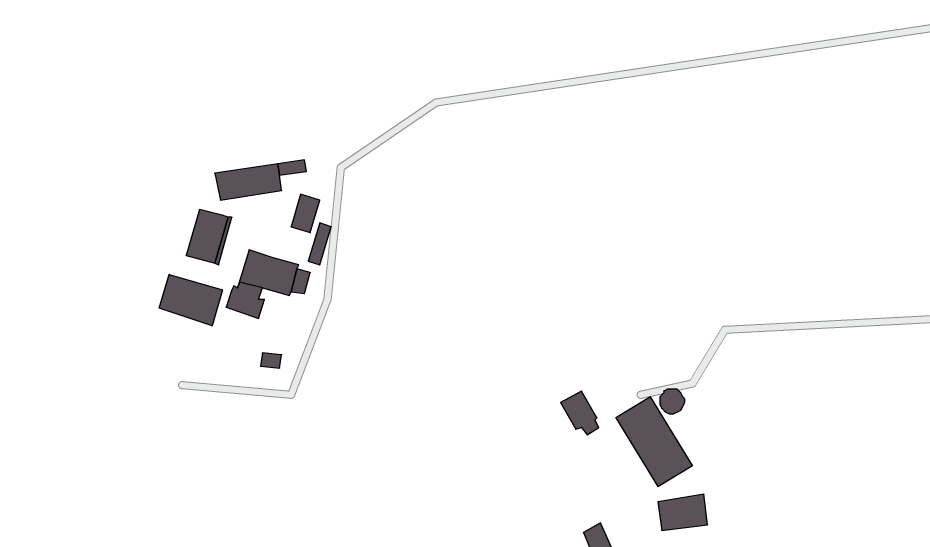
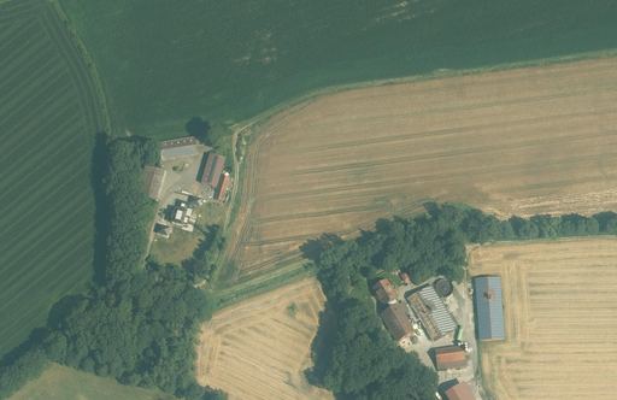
building: [159,274,223,326] -> none
building: none -> [475,276,503,340]
building: none -> [380,302,413,341]

